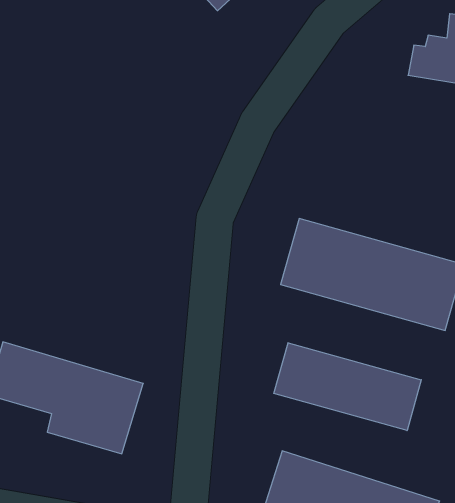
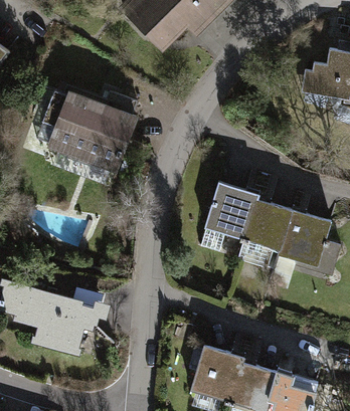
building: none -> [32,90,132,171]
building: [274,343,421,431] -> none

